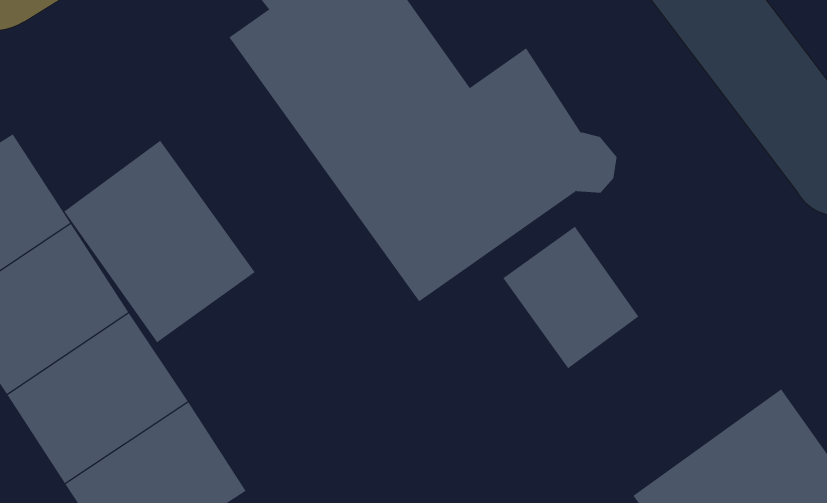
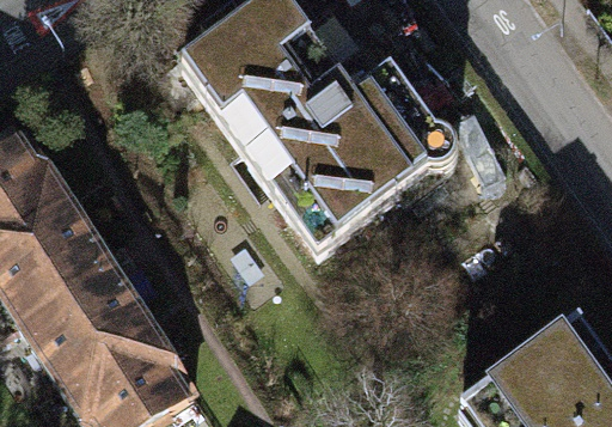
building: [64,140,256,343] -> none
building: [503,226,639,369] -> none

